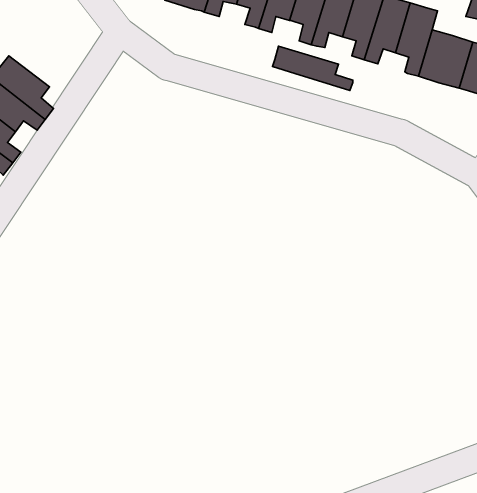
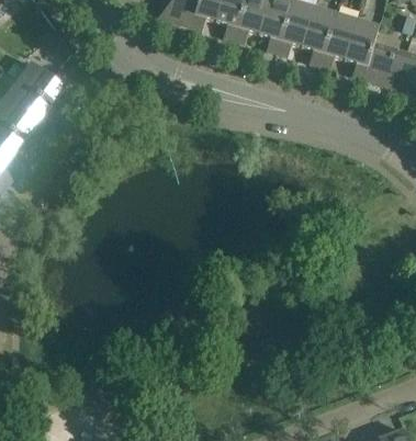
building: [272,46,353,90] -> none

